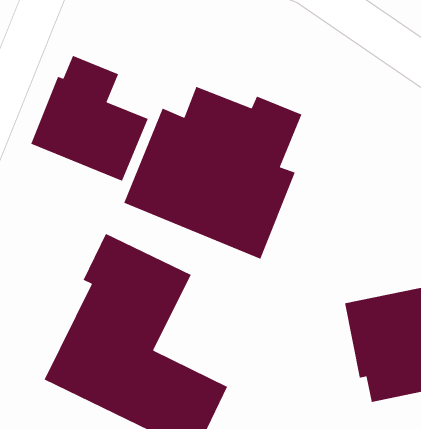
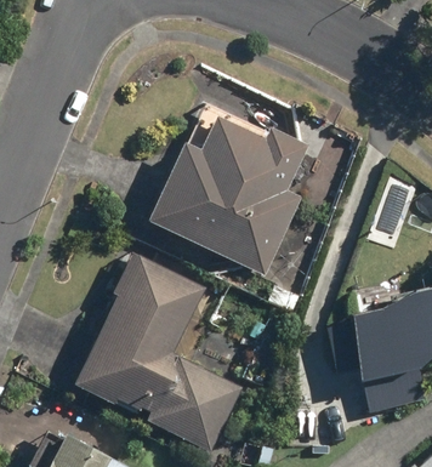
building: [30,55,149,182] -> none

